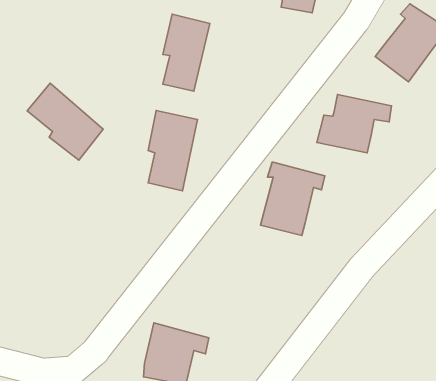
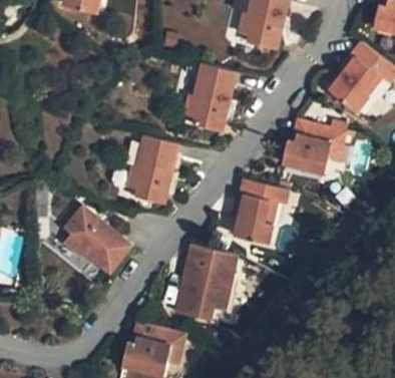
building: [163,14,210,91] -> [195,64,237,131]
building: [27,83,103,160] -> [58,210,124,277]
building: none -> [177,245,238,320]

